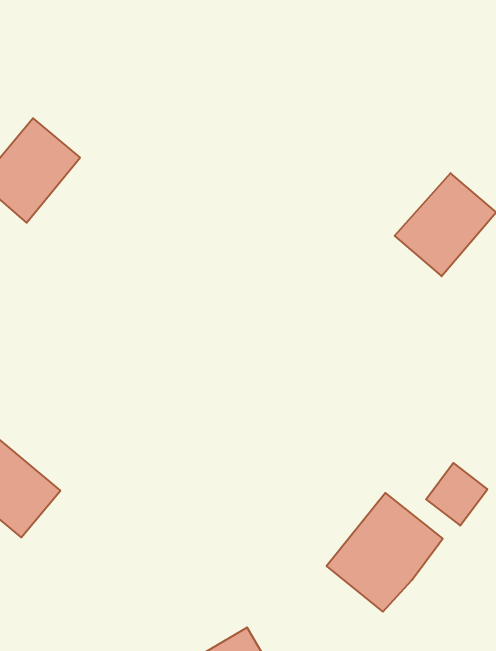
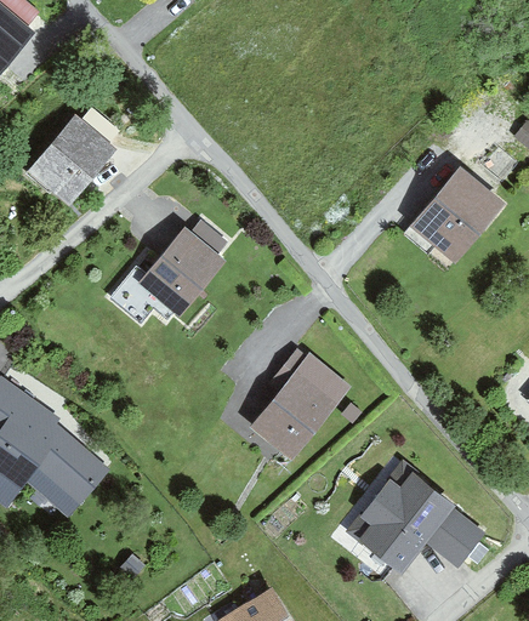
building: none -> [136,224,227,318]
building: none -> [249,344,351,458]
building: [426,463,487,526] -> [427,508,484,566]

